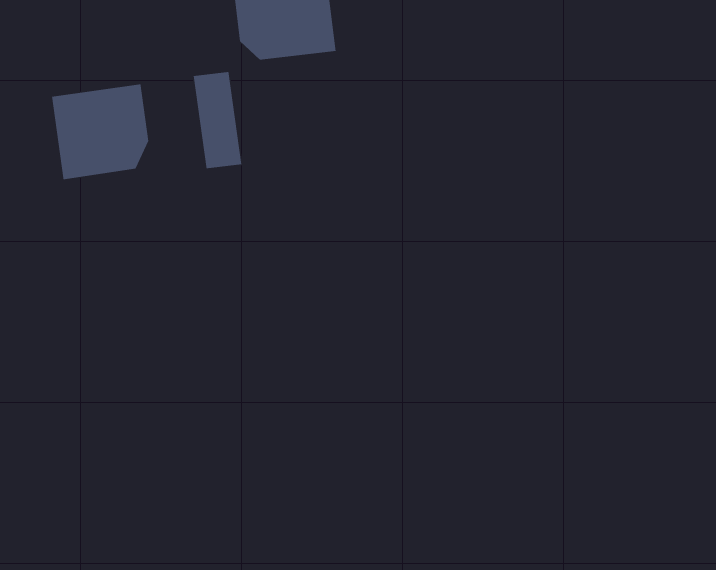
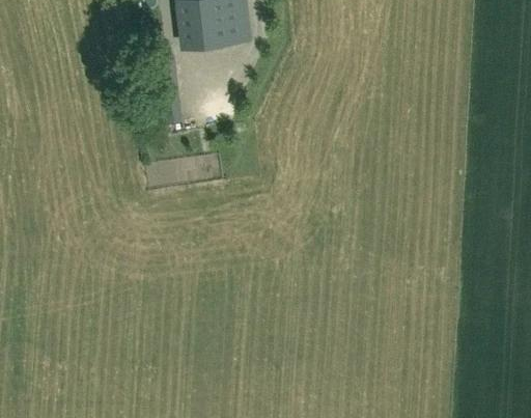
building: [52,83,149,180] -> none

